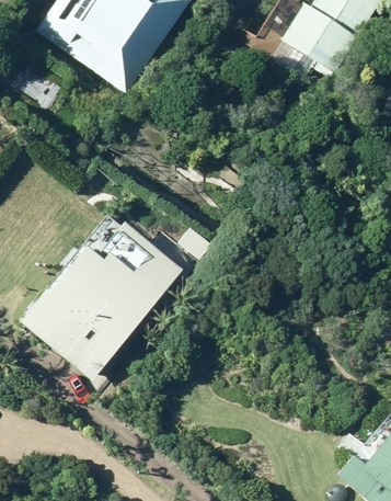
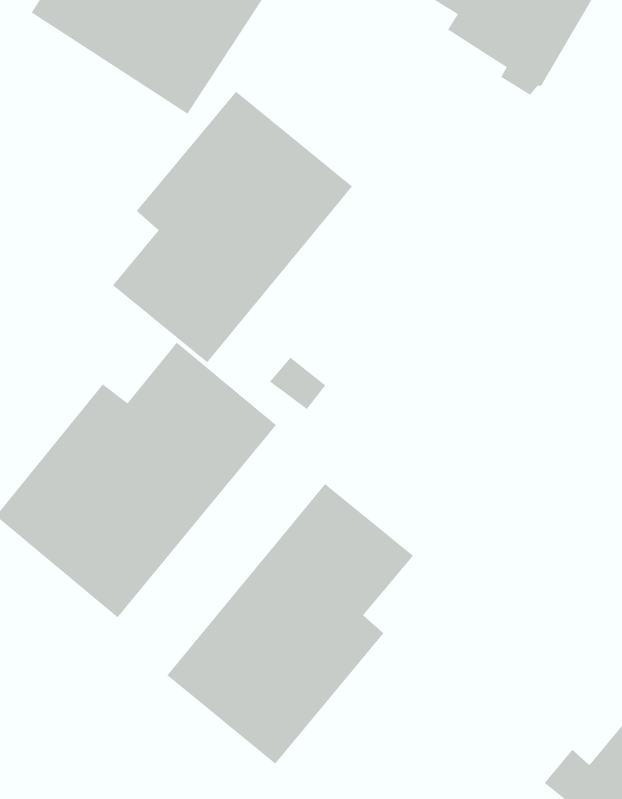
building: none -> [112,91,353,363]
building: none -> [166,483,414,764]

